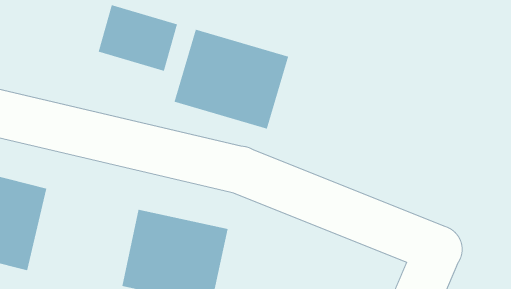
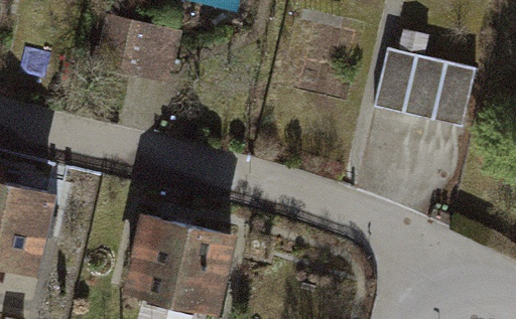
building: [174,29,289,130] -> none
building: none -> [382,50,478,124]

